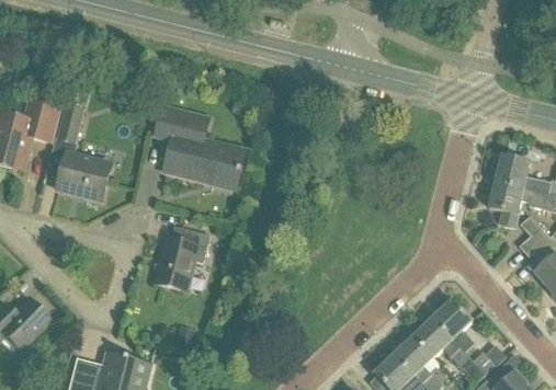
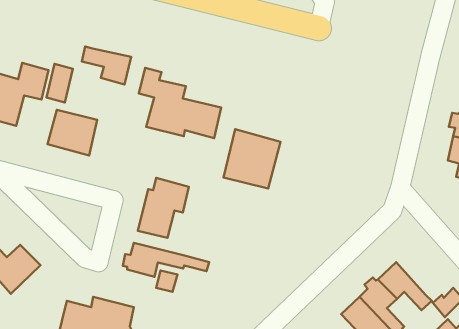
building: none -> [82,46,131,85]
building: none -> [224,129,280,188]
building: none -> [123,243,209,277]
building: [433,298,474,351] -> none

